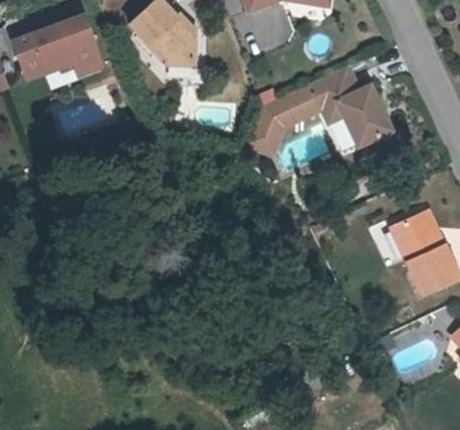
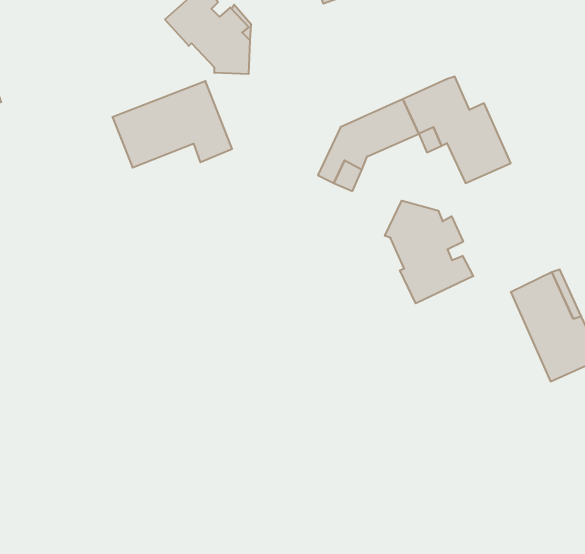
building: [12,14,102,79] -> [112,81,232,168]
building: none -> [385,201,473,303]

